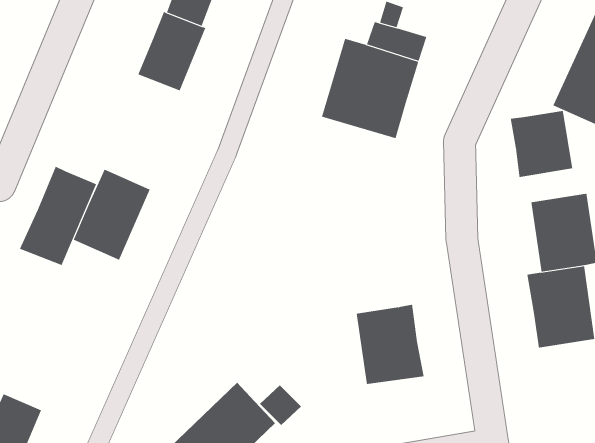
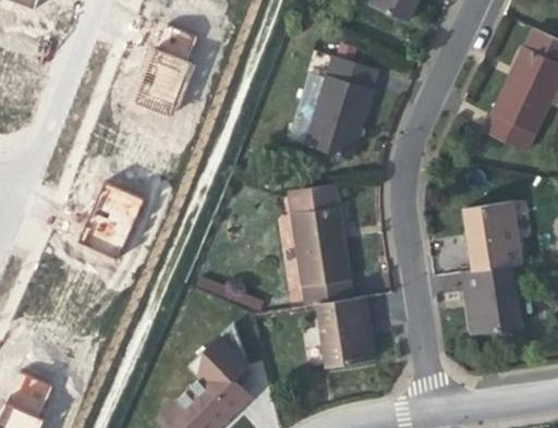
building: [510,110,573,178] -> none
building: [19,166,97,266] -> none
building: none -> [289,185,353,306]
building: none -> [205,325,246,379]

